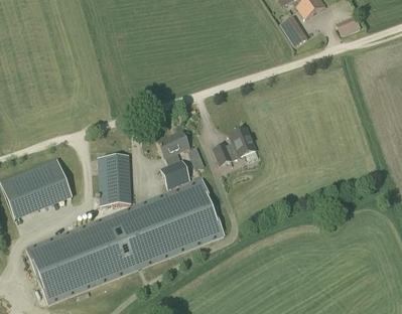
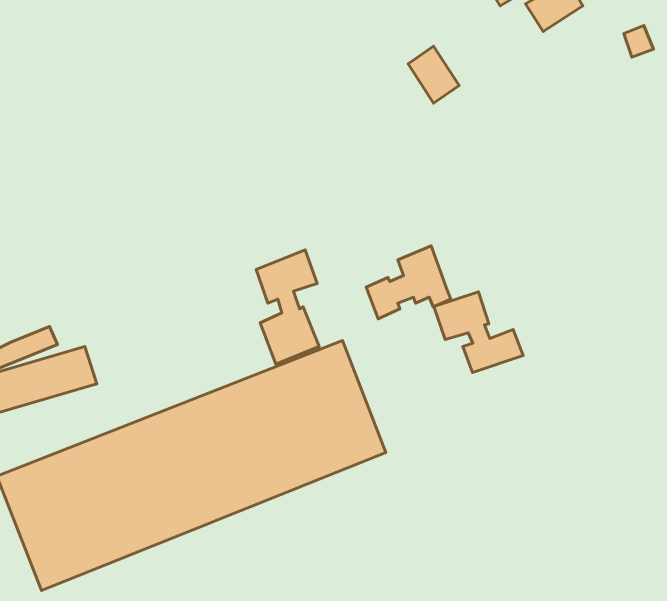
building: [280,16,306,45] -> [408,46,459,103]
building: none -> [434,292,523,373]
building: [97,155,131,205] -> none

